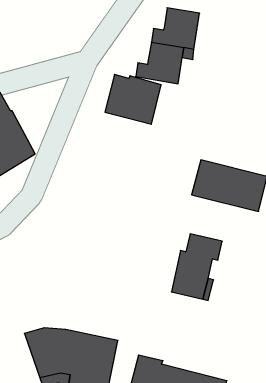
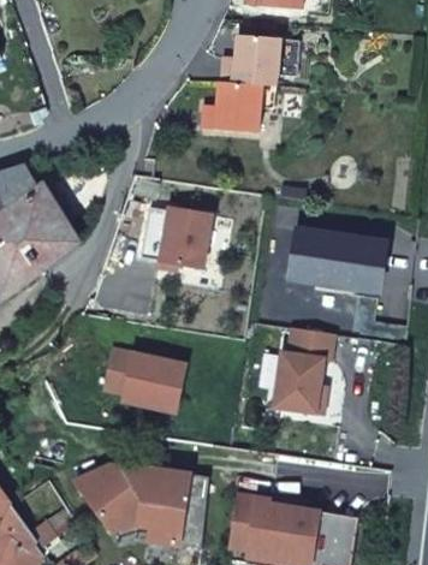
building: [105,74,161,124] -> [141,207,212,268]
building: none -> [103,347,185,411]

